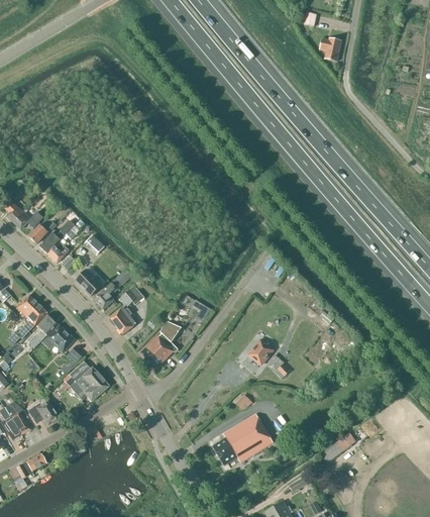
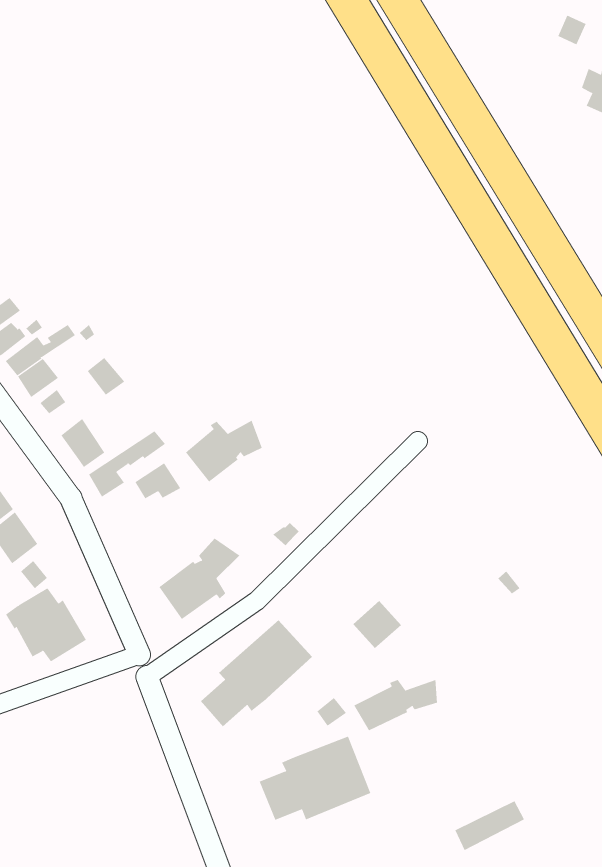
building: none -> [185,420,263,483]
building: [110,306,136,333] -> none
building: none -> [200,620,313,727]
building: none -> [353,679,438,731]

